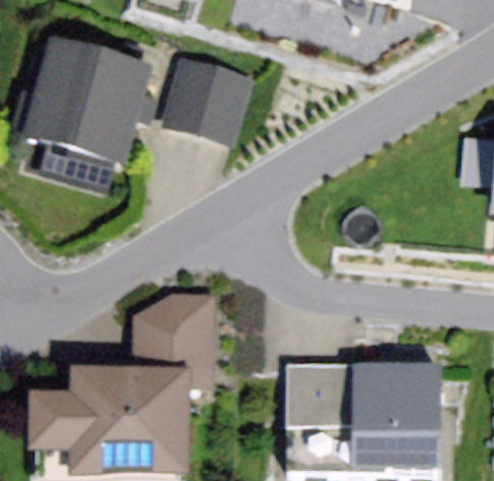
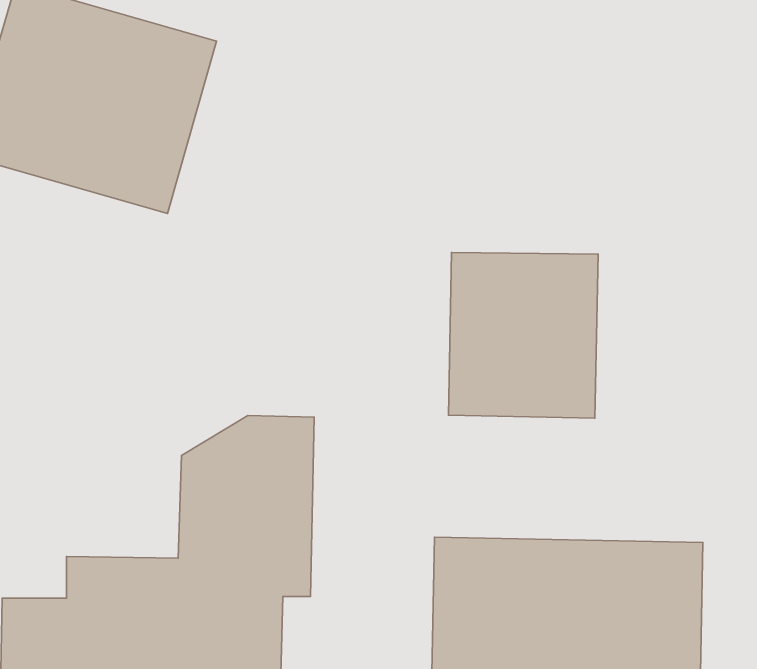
building: [163,53,255,144] -> none
building: none -> [449,252,598,418]

